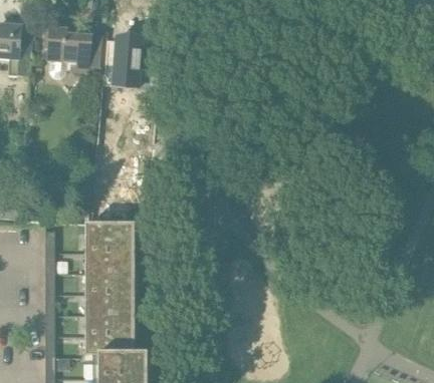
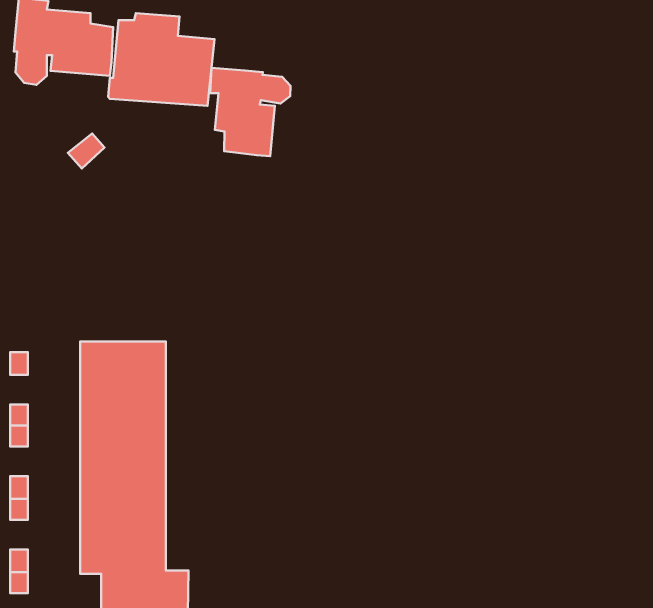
building: none -> [210,68,291,156]

